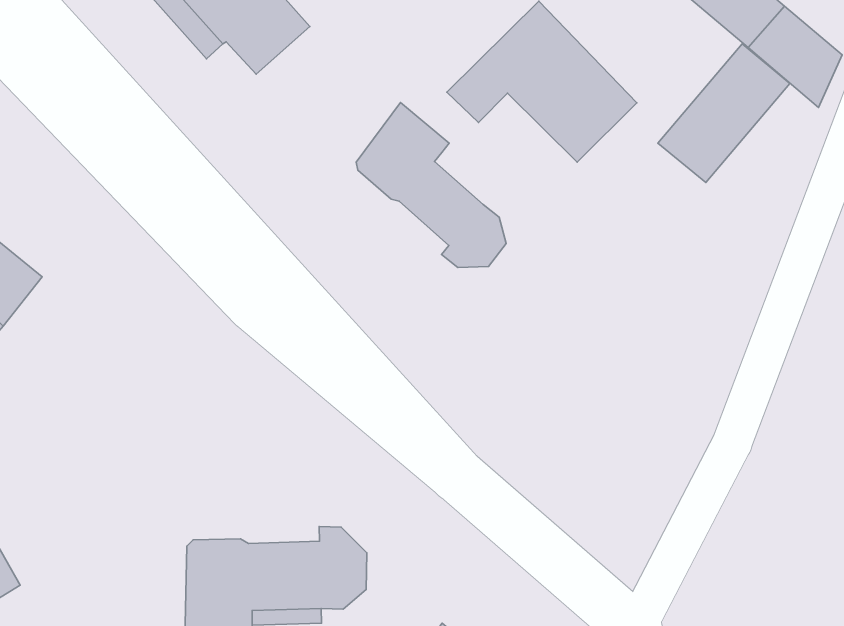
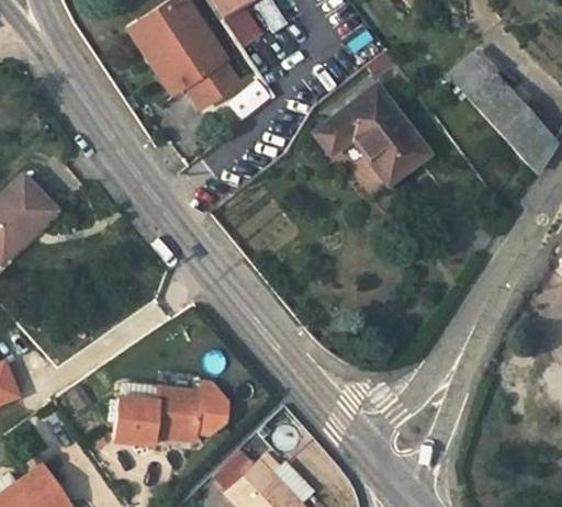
building: none -> [223,77,270,122]
building: [658,44,790,182] -> none
building: [356,102,506,267] -> none

